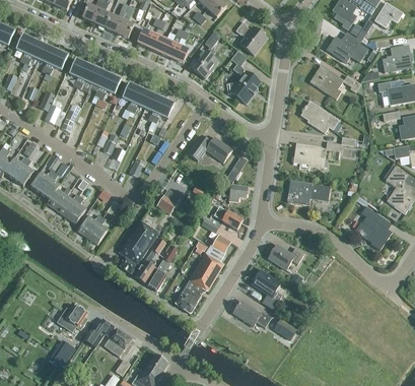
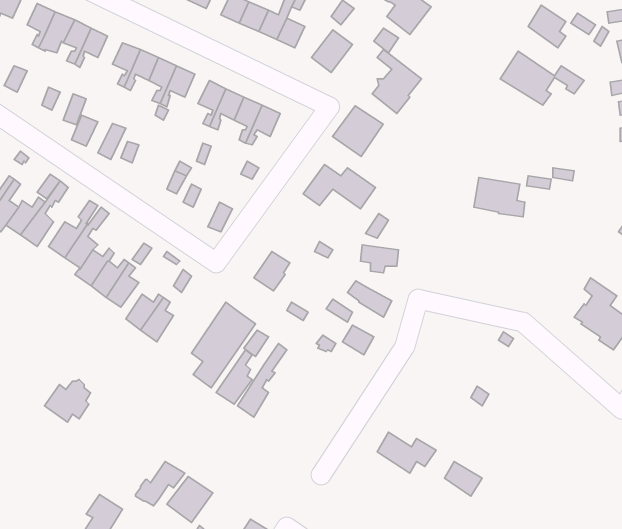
building: none -> [332,106,383,156]
building: [300,102,339,133] -> none
building: [287,180,331,205] -> none
building: [268,245,304,269] -> none
building: [176,253,223,314] -> none
building: [252,270,282,309] -> none
building: [59,305,87,331] -> [45,380,91,422]

